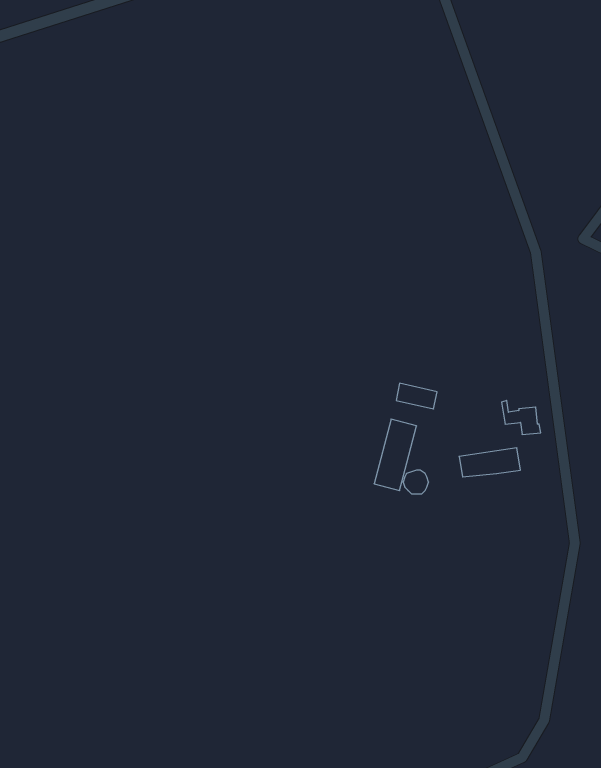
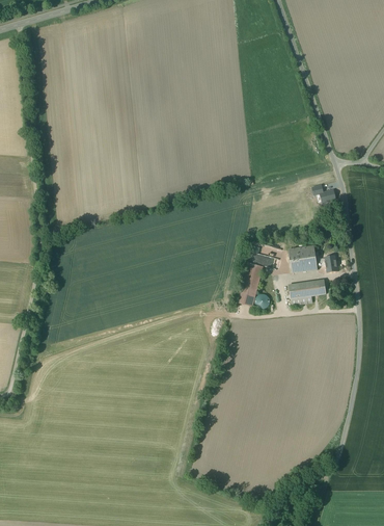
building: none -> [289,245,318,271]

